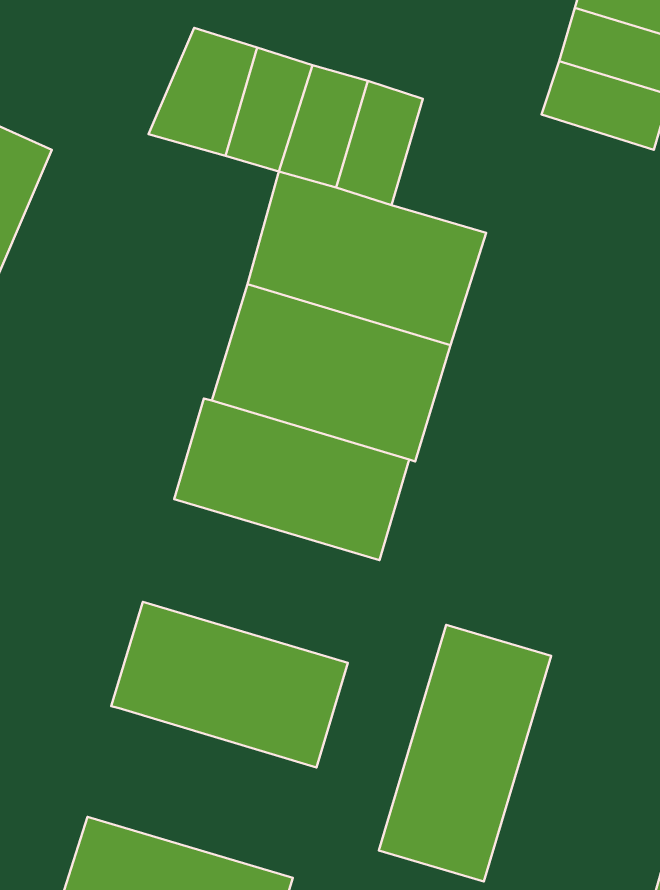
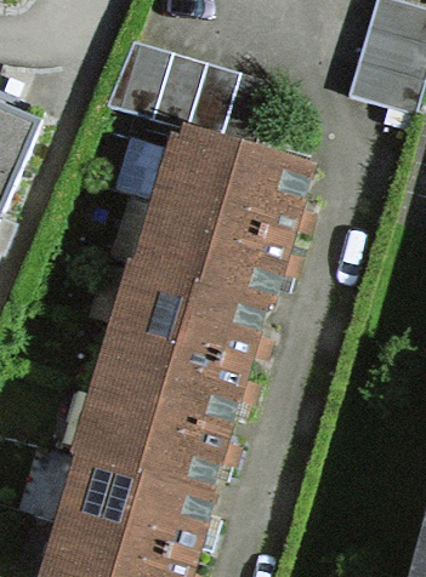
building: none -> [100,331,245,432]
building: [379,625,551,881] -> none
building: none -> [66,459,212,564]

